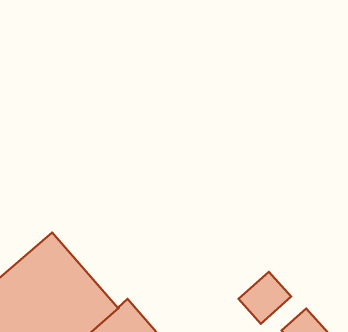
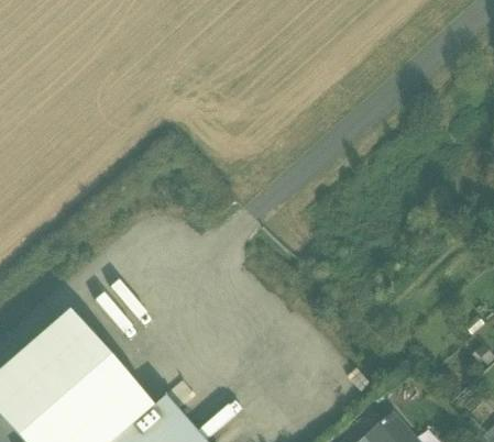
building: [238,272,291,324] -> none

